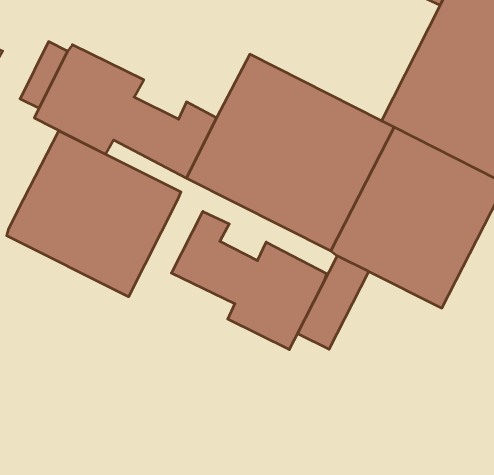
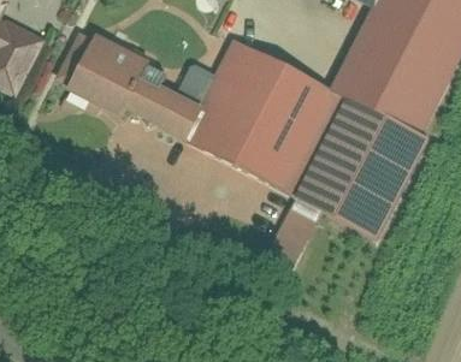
building: [7,131,181,297] -> none
building: [171,211,327,350] -> none

